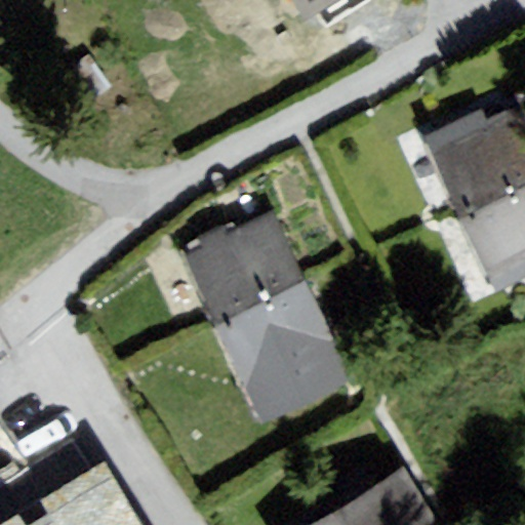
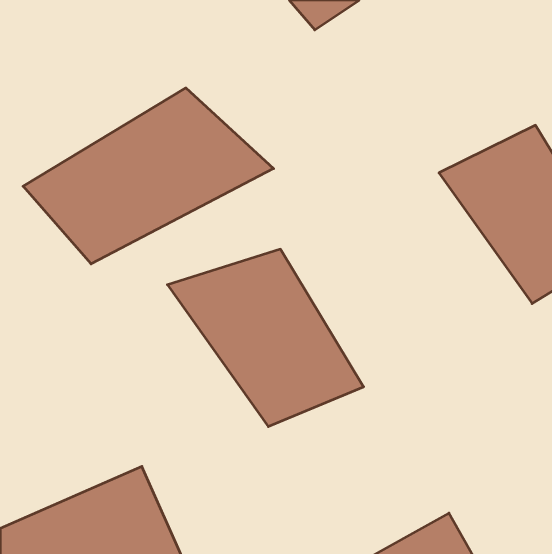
building: none -> [23,88,274,264]

